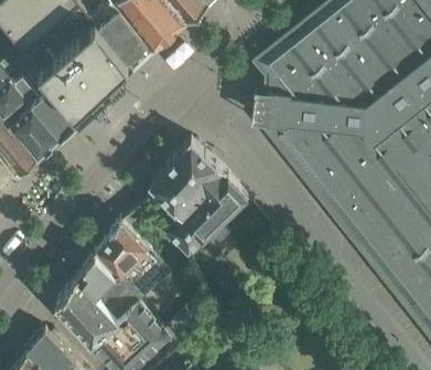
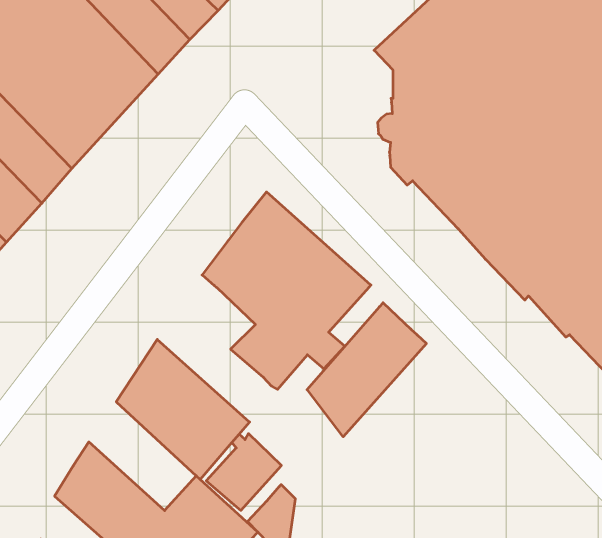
building: none -> [307,303,426,437]
building: [76,255,137,320] -> none

